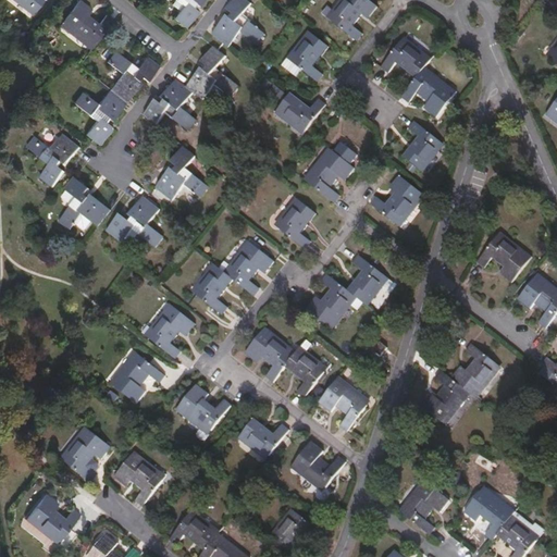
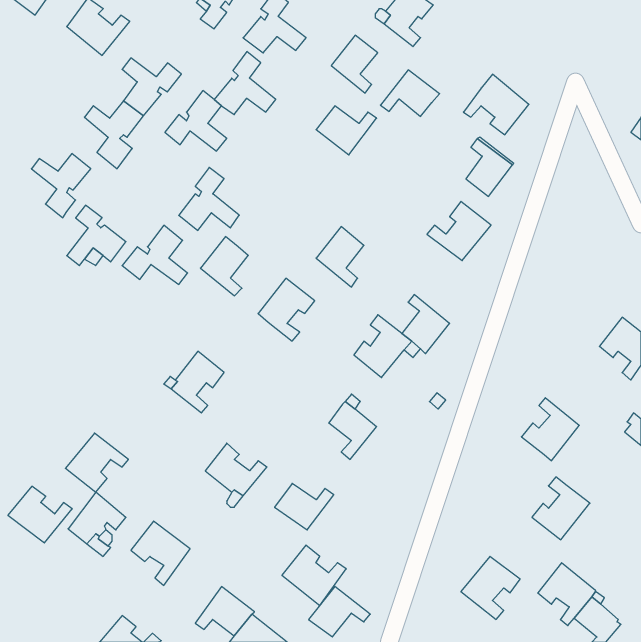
building: [381,36,432,76] -> [380,70,440,116]
building: [302,146,354,201] -> none
building: [476,232,532,282] -> none
building: [190,262,232,313] -> [200,237,248,296]
building: [244,325,296,381] -> none
building: [109,351,163,403] -> [65,433,128,492]
building: [420,370,470,424] -> [532,477,590,540]
building: [318,376,369,430] -> none
building: [289,440,345,492] -> [282,545,346,605]
building: [23,493,78,542] -> [8,486,72,543]

